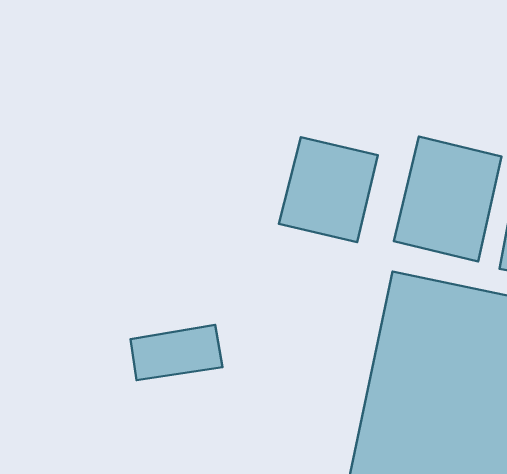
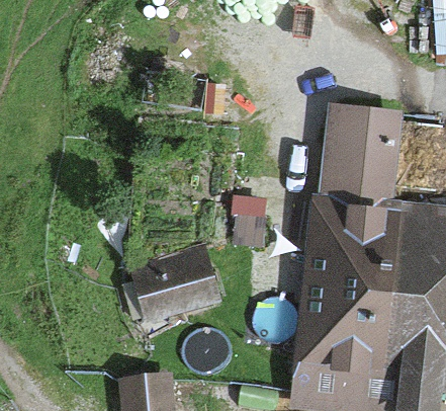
building: [279,137,378,242] -> none

